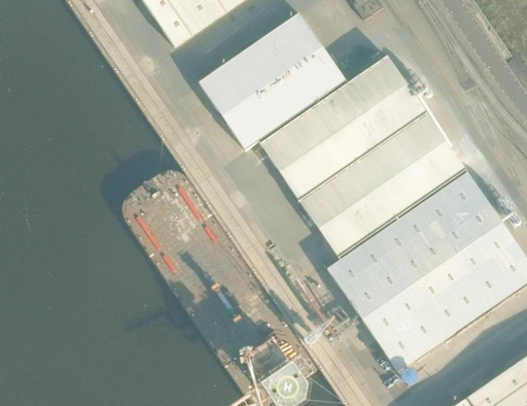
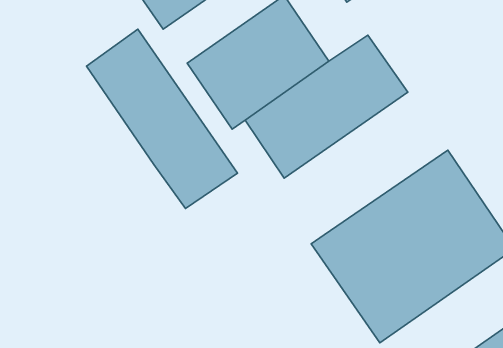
building: none -> [87,29,238,209]
building: [300,112,468,260] -> none

